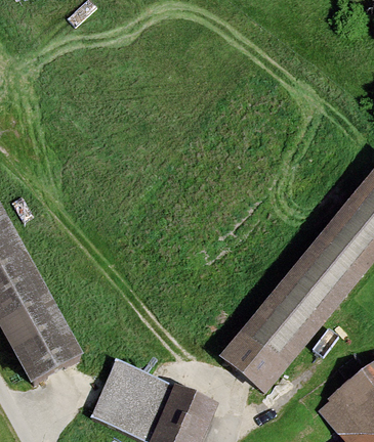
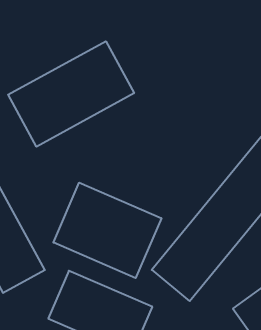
building: none -> [8,41,134,147]
building: none -> [53,183,161,278]

